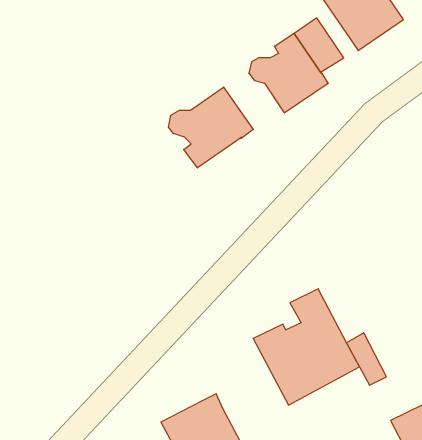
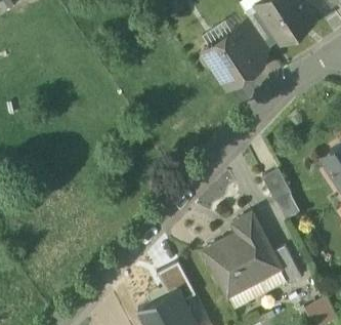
building: [168,87,253,168] -> none
building: none -> [263,168,293,201]
building: none -> [158,261,197,300]

